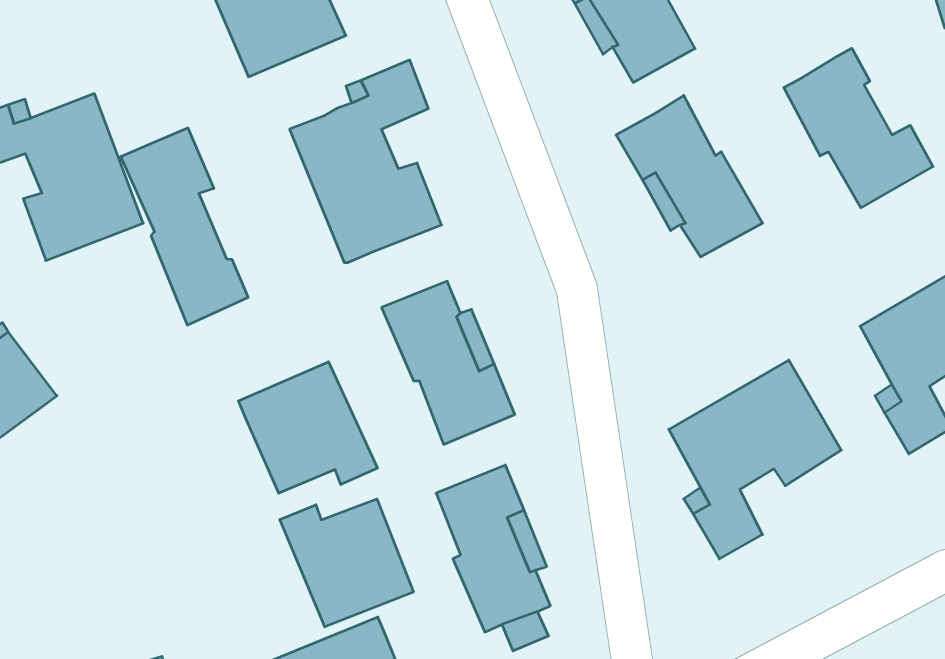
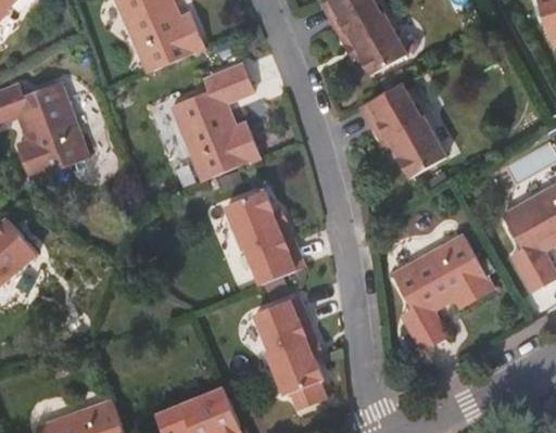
building: [784,48,933,208] -> none
building: [121,128,248,325] -> none
building: [238,362,377,493] -> none
building: [280,499,413,627] -> none

